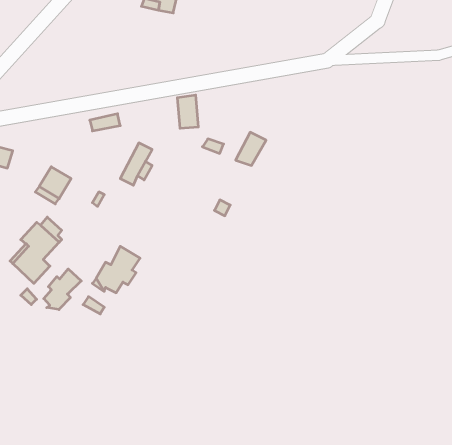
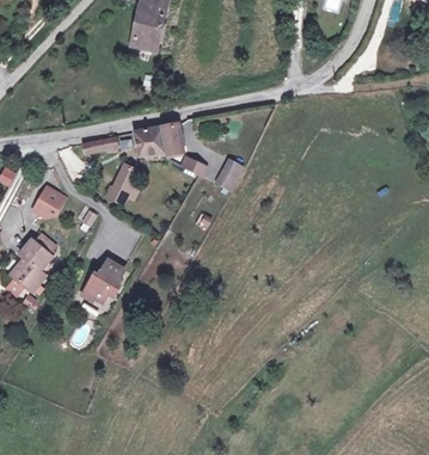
building: none -> [133,123,164,153]
building: [44,269,81,310] -> none

